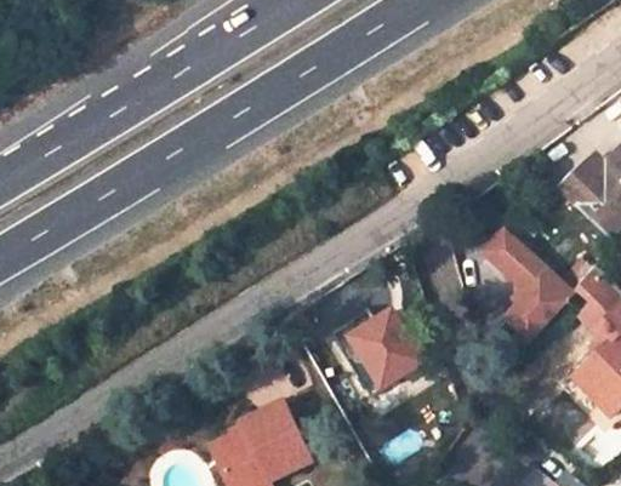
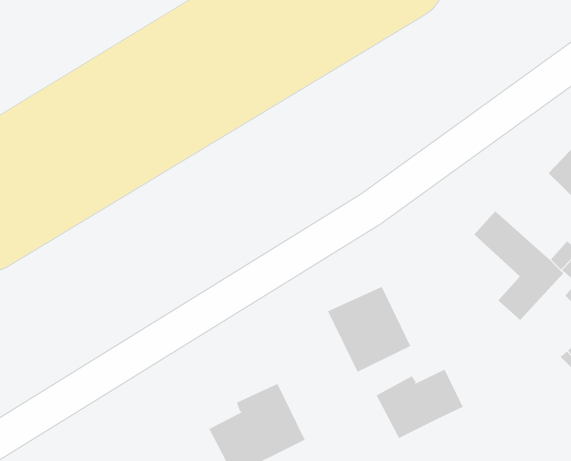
building: none -> [376,369,463,439]

